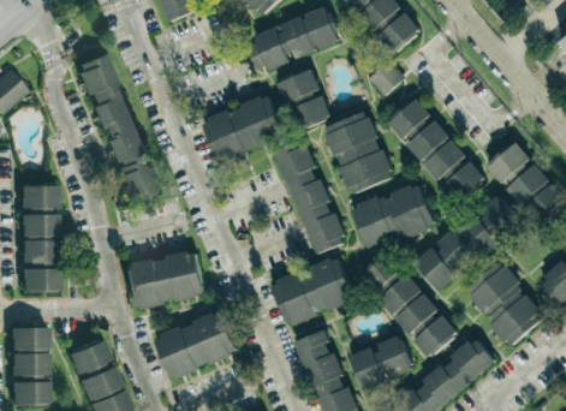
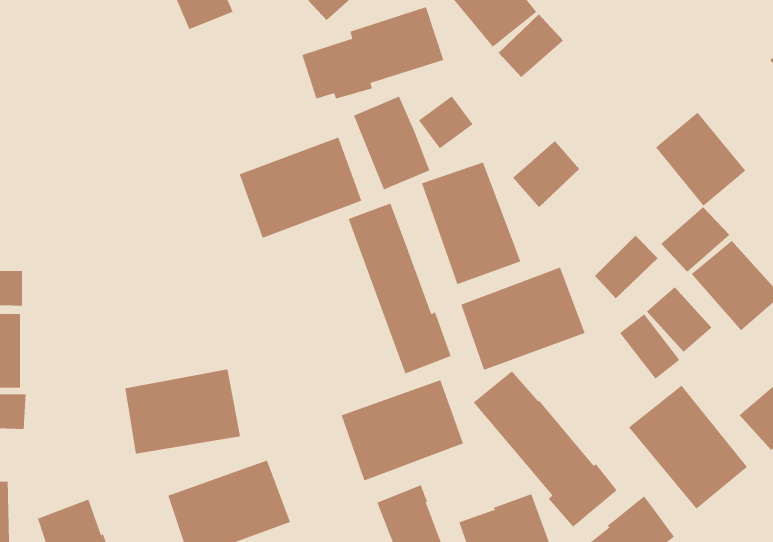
building: [77,53,159,203] -> none
building: [368,60,405,96] -> [418,96,474,149]
building: [407,120,469,184] -> [655,112,746,206]
building: [415,228,478,291] -> none

